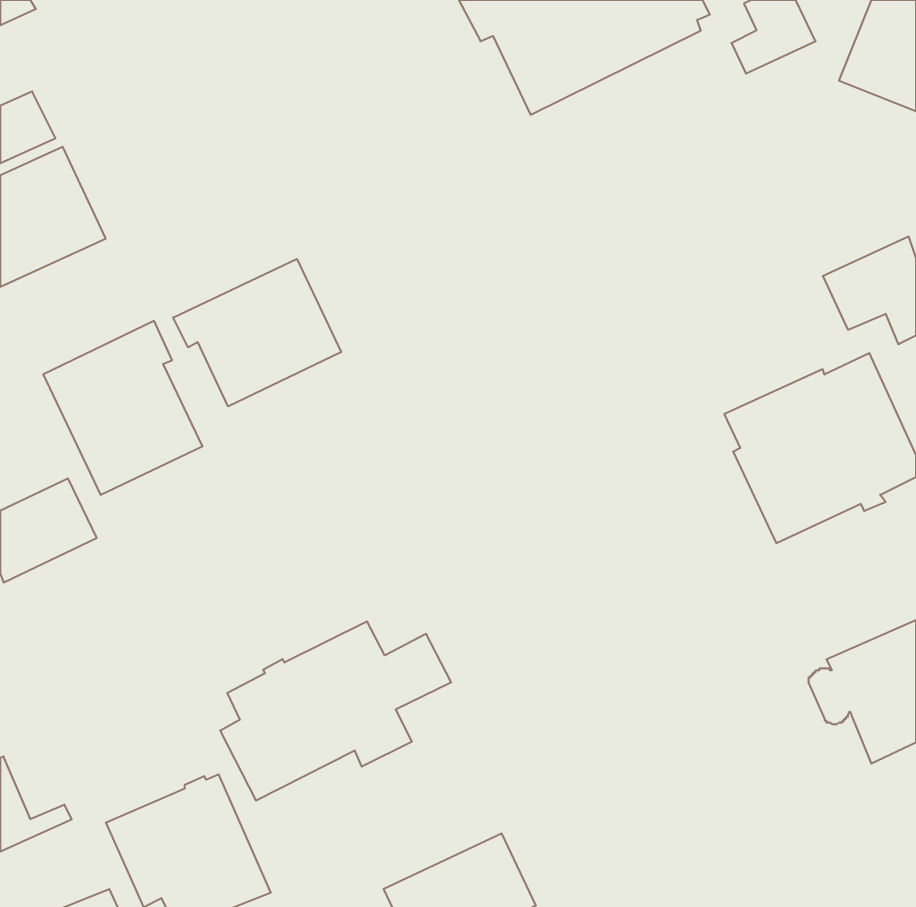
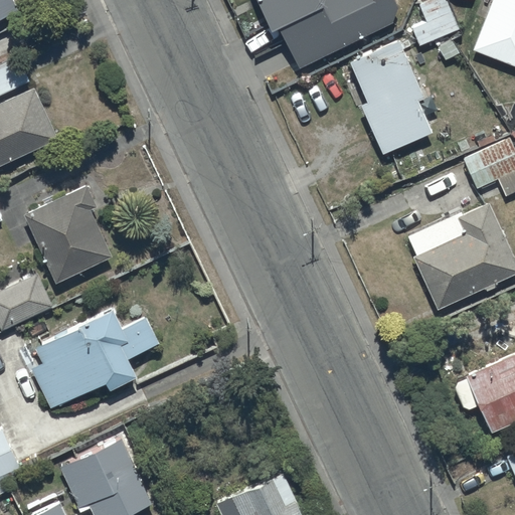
building: none -> [347,40,431,154]
building: [173,259,341,406] -> none
building: [220,621,451,801] -> [31,309,161,409]

